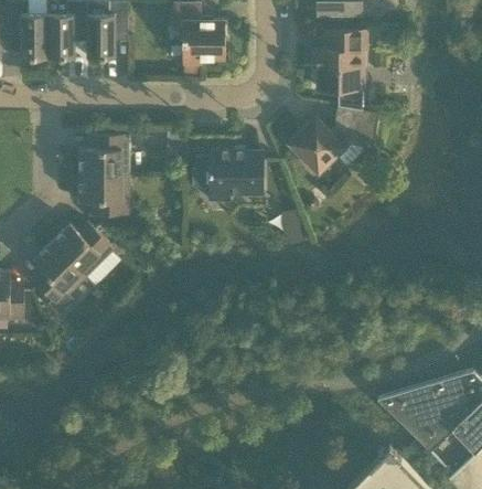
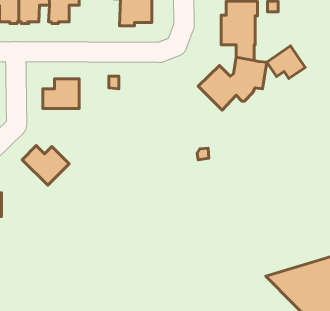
building: none -> [267,46,305,79]
building: [192,151,263,202] -> none
building: [79,176,128,216] -> none
building: [33,244,86,315] -> none

